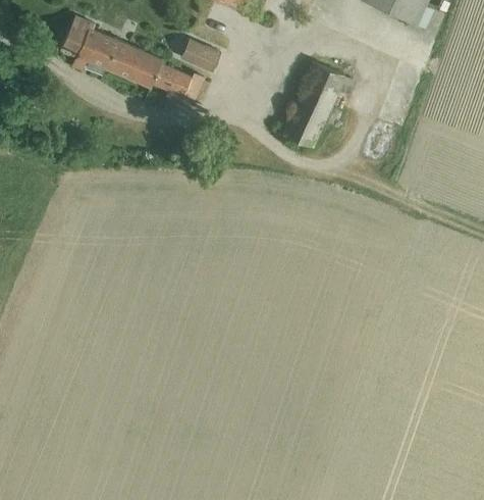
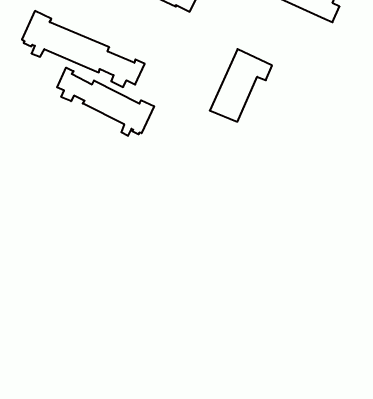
building: [180,39,220,71] -> none
building: none -> [57,68,154,136]

